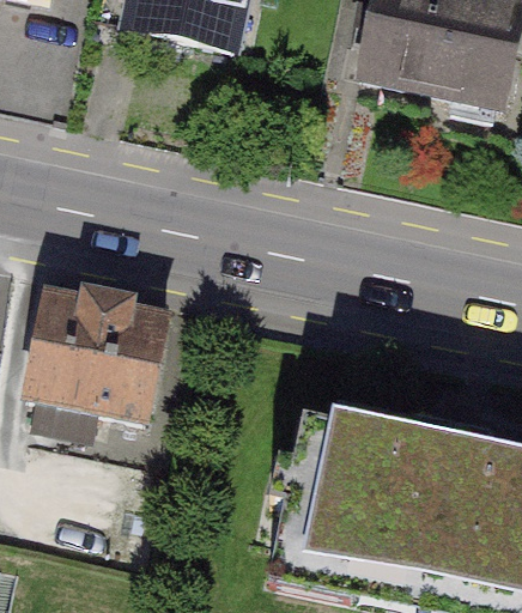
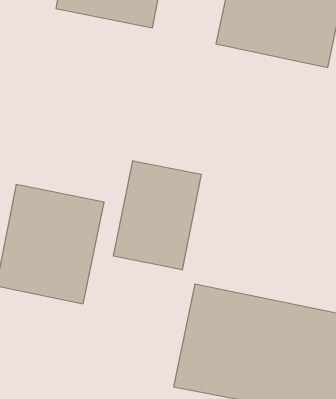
building: none -> [113,161,201,270]

